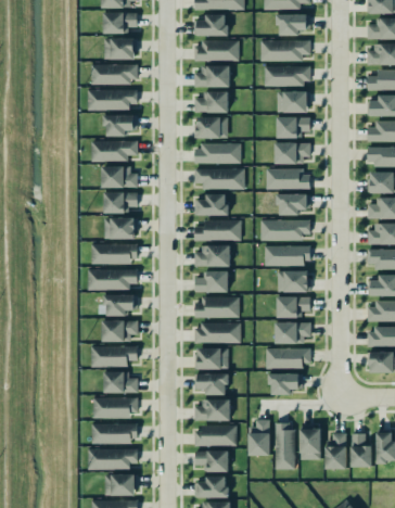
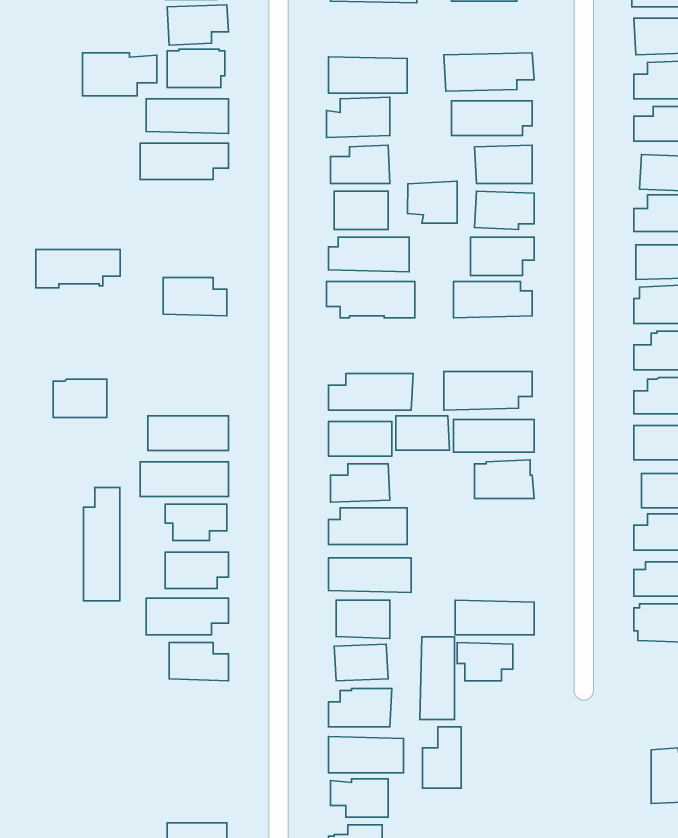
building: [193,14,227,34] -> none
building: [275,14,306,34] -> none
building: none -> [82,53,157,96]
building: none -> [407,181,457,223]
building: [102,114,137,136] -> none
building: [89,140,137,162] -> [36,249,120,288]
building: [102,191,137,213] -> none
building: [276,193,309,215] -> none
building: [198,196,228,216] -> [396,416,450,450]
building: [103,217,133,239] -> [53,379,107,418]
building: none -> [83,488,120,601]
building: [276,296,309,317] -> none
building: [275,321,309,343] -> none
building: [92,397,137,419] -> none
building: [275,423,294,470] -> [420,637,454,719]
building: [91,424,136,444] -> none
building: [300,428,320,459] -> none
building: [324,433,345,468] -> none
building: [351,433,371,466] -> none
building: [87,449,136,470] -> none

